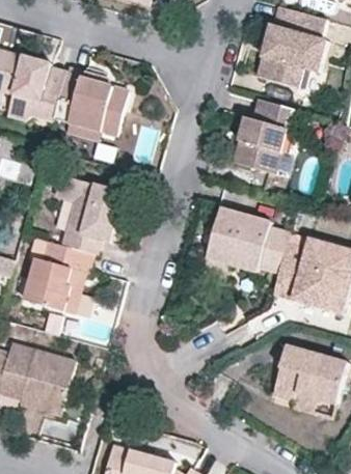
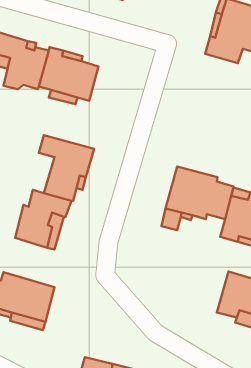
building: [234,97,308,169] -> none

